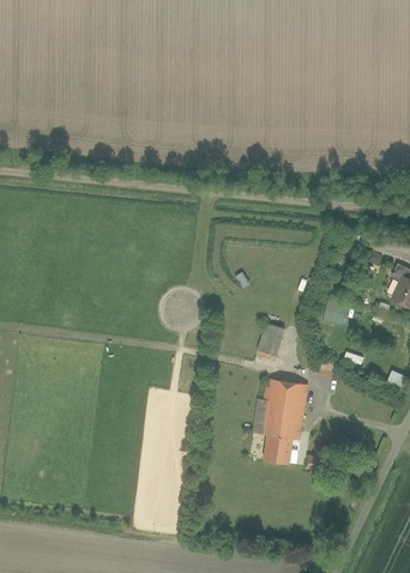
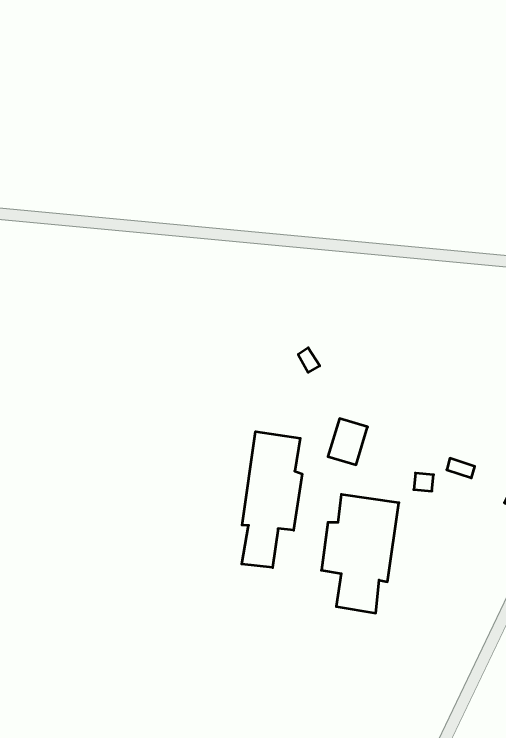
building: none -> [242,432,302,568]

